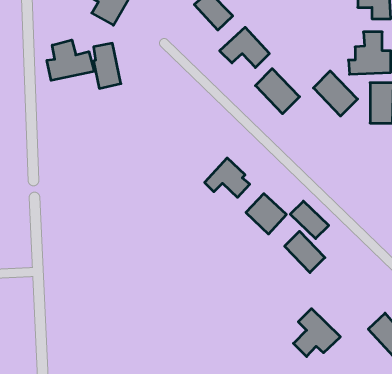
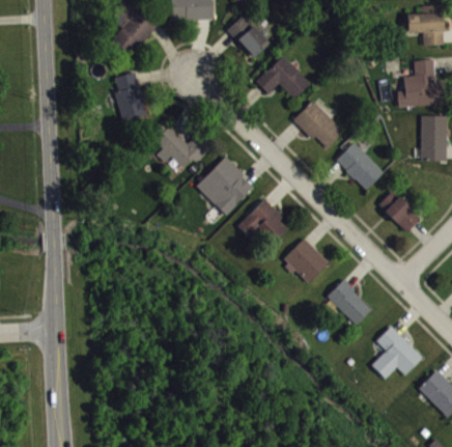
building: [47,40,94,80] -> none
building: [313,71,358,116] -> [336,141,385,191]
building: none -> [156,127,211,169]
building: none -> [196,158,254,215]
building: [290,201,329,239] -> [378,191,421,232]
building: [293,309,340,357] -> [371,327,423,380]

